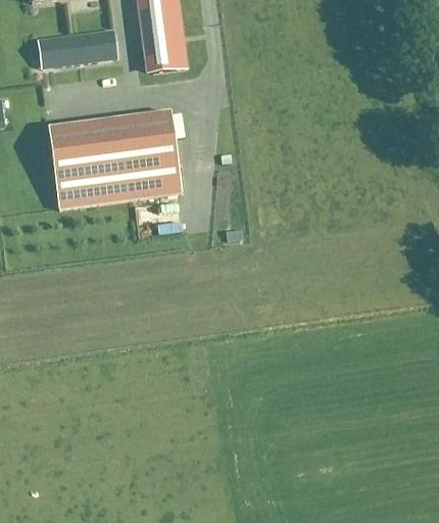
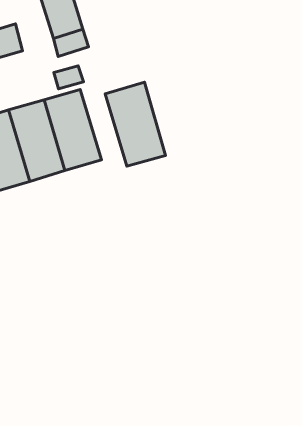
building: none -> [54,66,83,89]
building: none -> [105,82,166,166]

